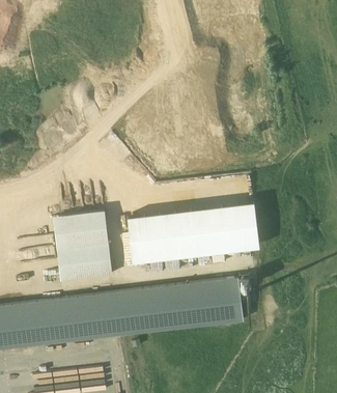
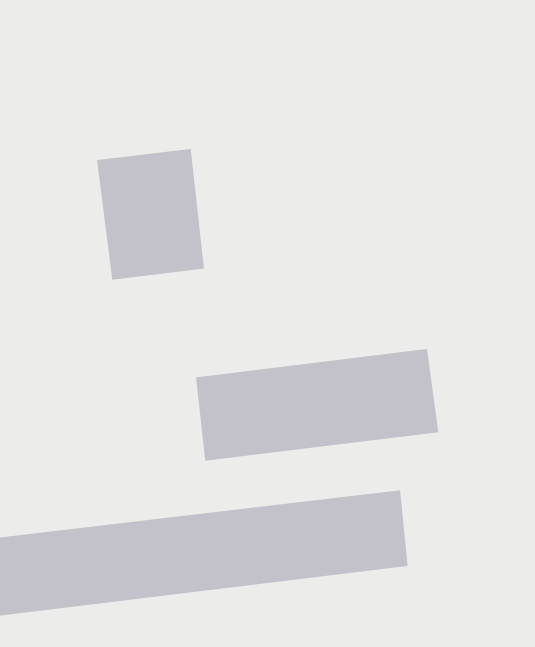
building: [52,209,111,281] -> [96,148,205,280]

